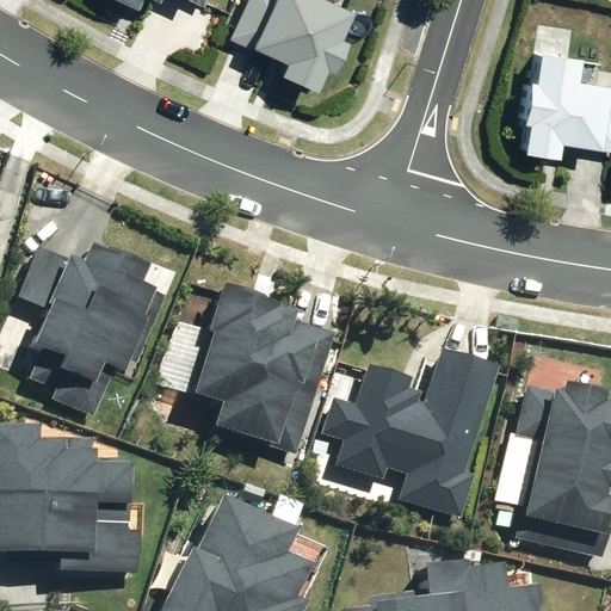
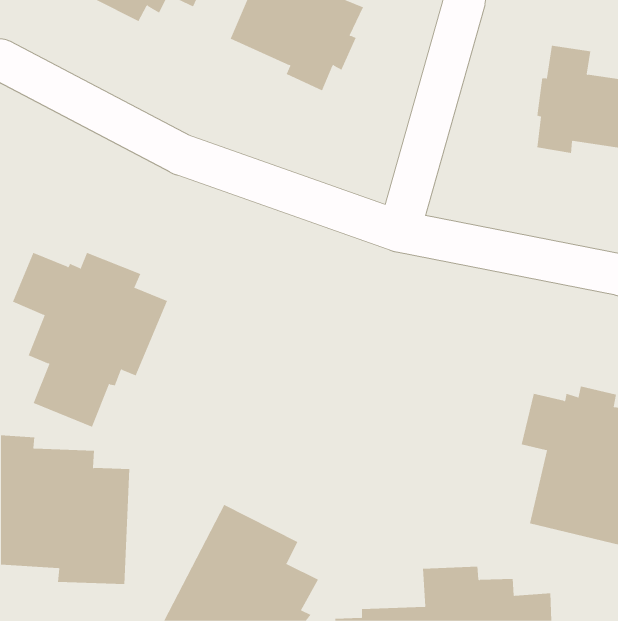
building: [190,284,334,458] -> none
building: [325,353,498,517] -> none

